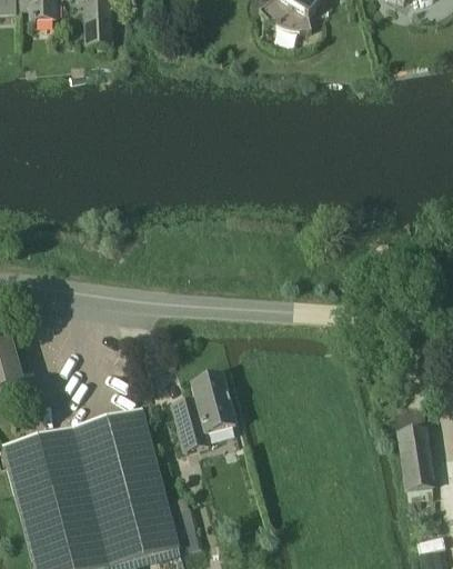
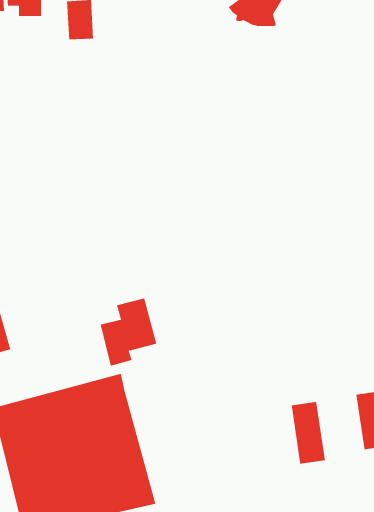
building: [172,376,234,450] -> [100,298,157,366]
building: none -> [291,401,325,464]

